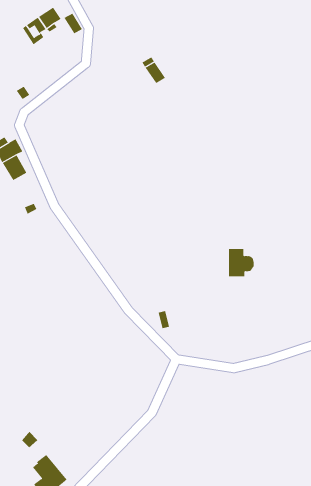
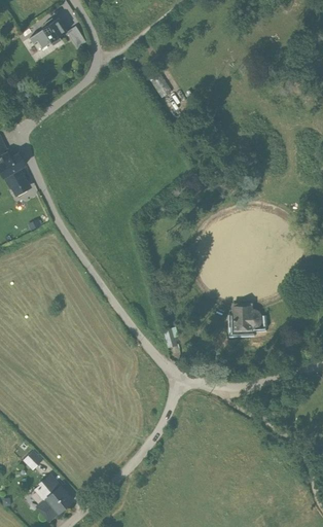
building: [228,248,254,277] -> [234,304,260,332]

